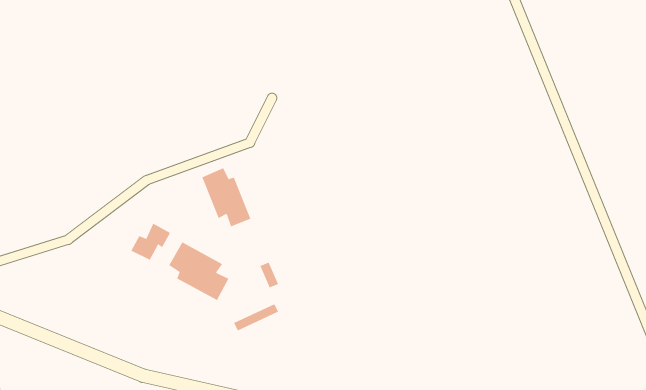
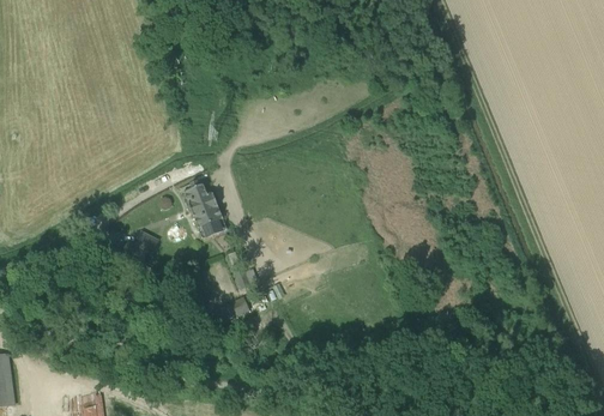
building: [168,242,229,301] -> none

